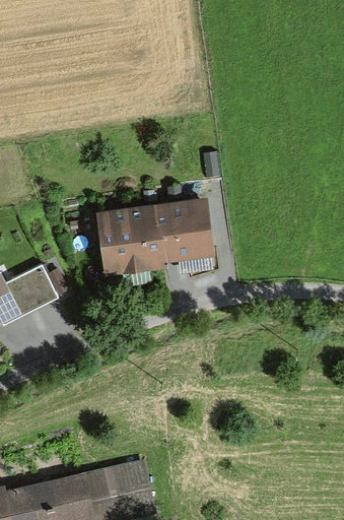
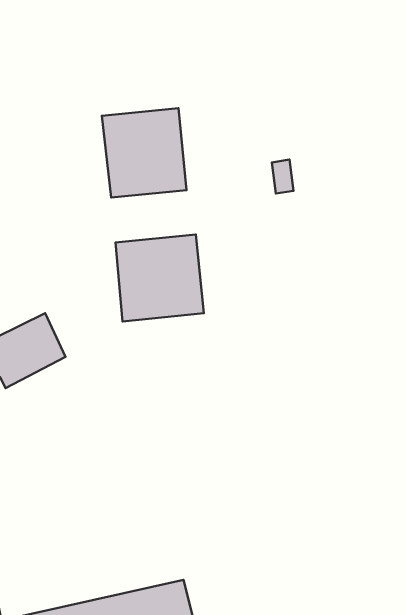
building: none -> [102,108,186,198]
building: [167,201,214,255] -> none

